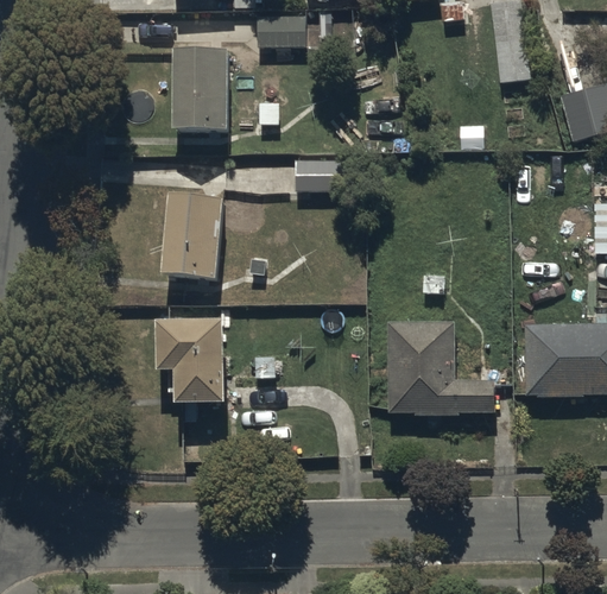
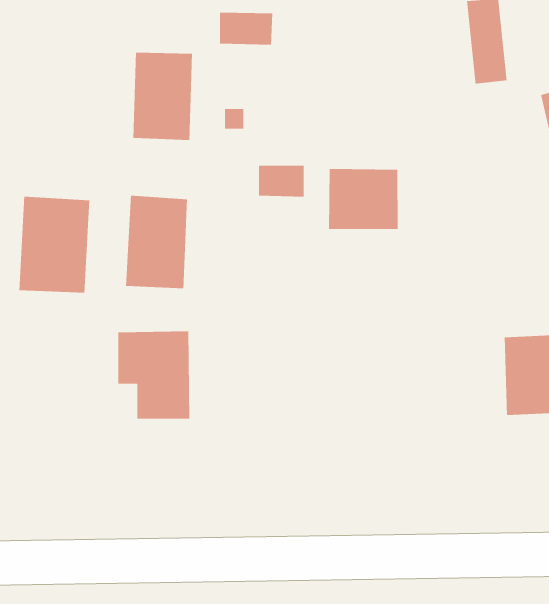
building: none -> [328,168,399,230]
building: none -> [18,196,90,293]
building: [387,321,494,415] -> none

